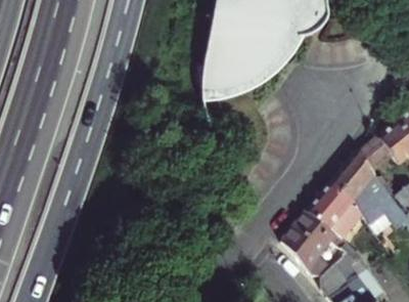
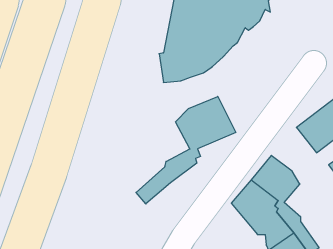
building: none -> [136,96,236,204]
building: [330,152,393,224] -> none

